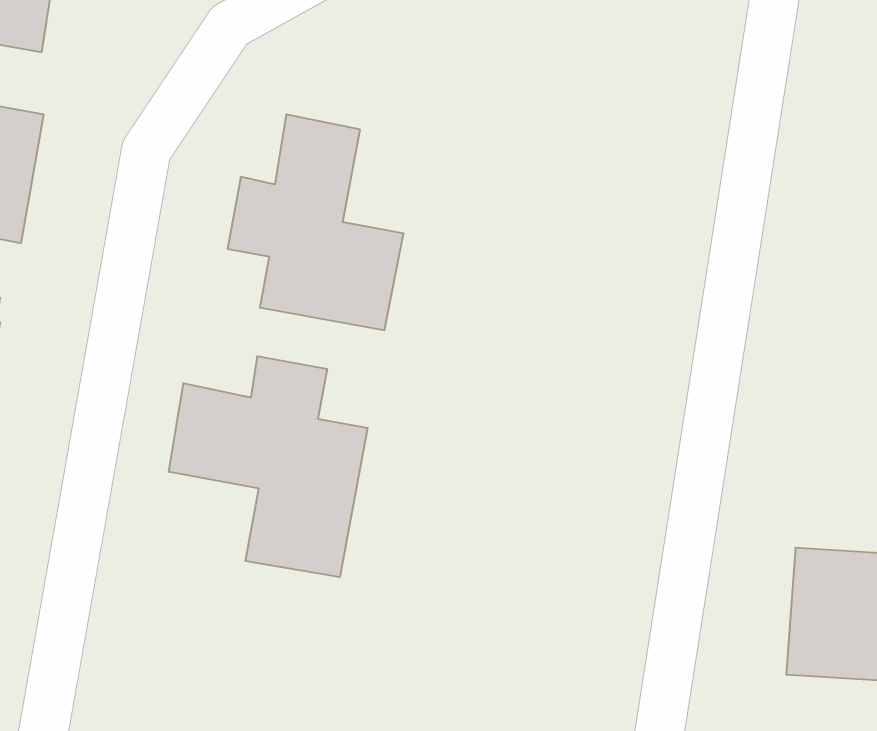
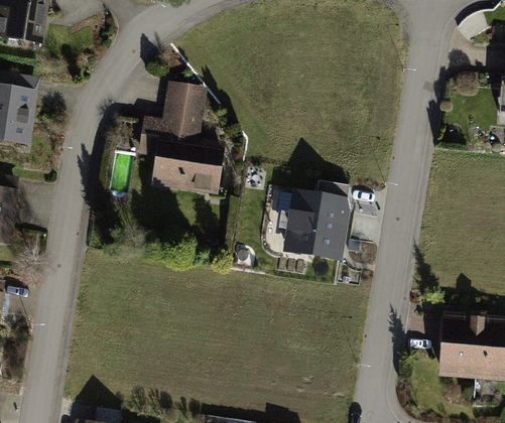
building: none -> [282,188,349,261]
building: [169,356,368,577] -> none

